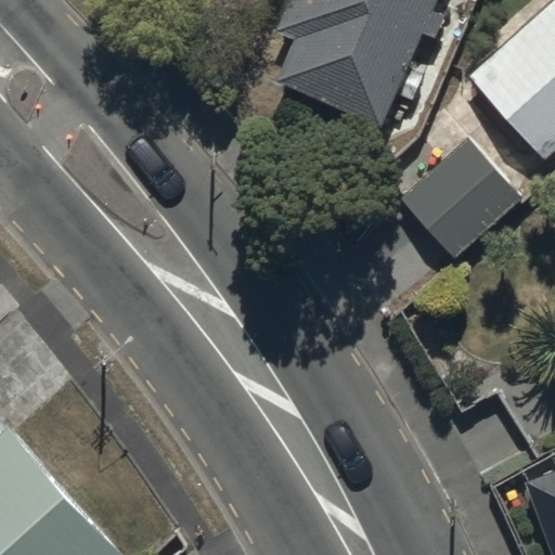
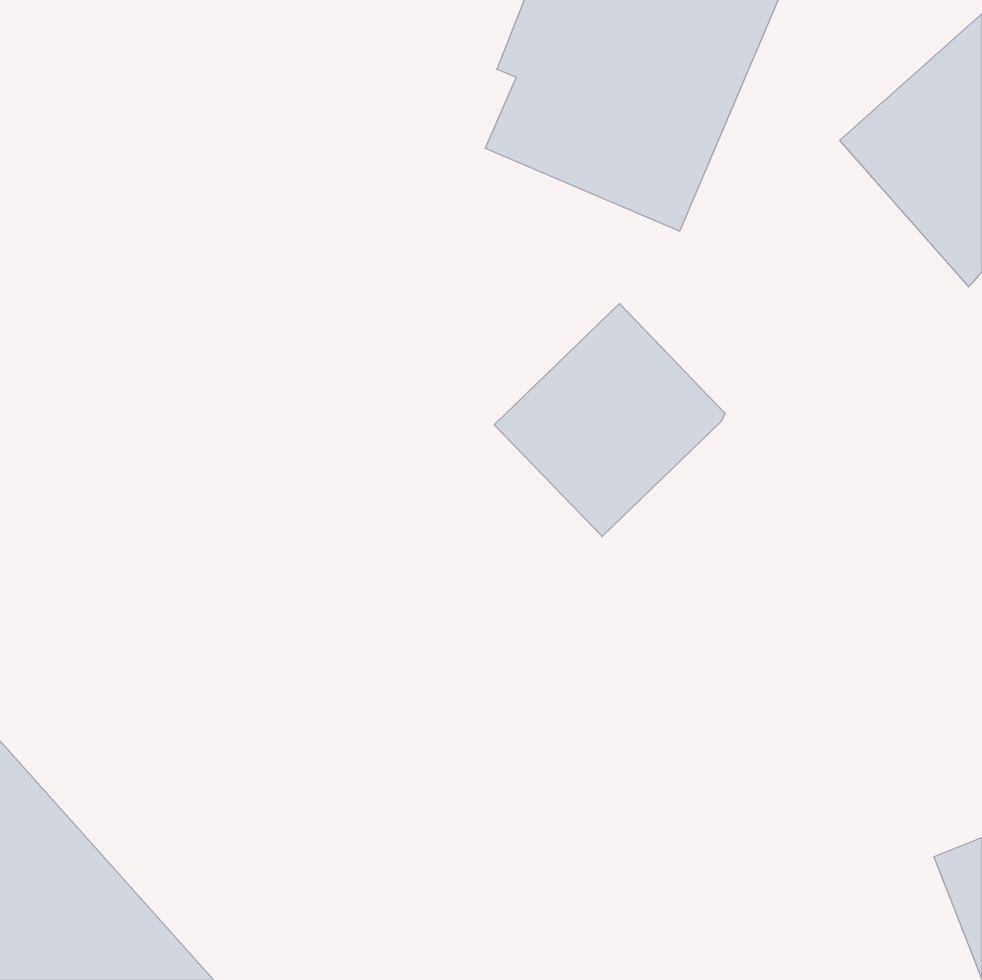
building: [395,132,525,263] -> [494,304,725,537]

